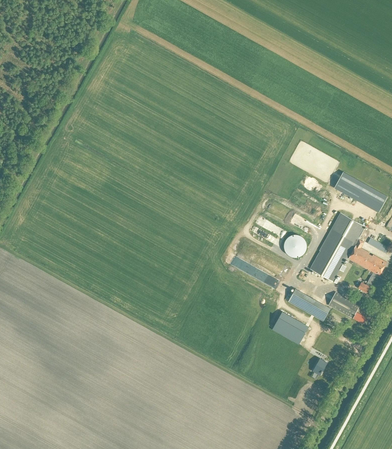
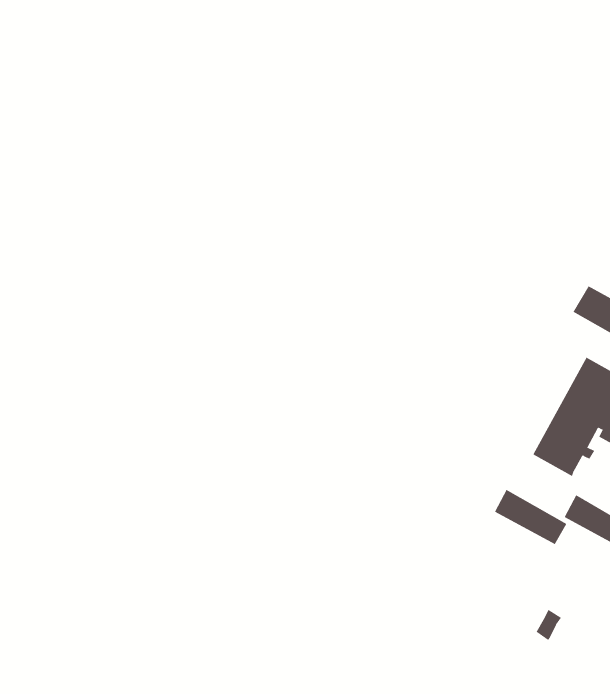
building: [283,235,306,257] -> none
building: [272,312,307,343] -> none

